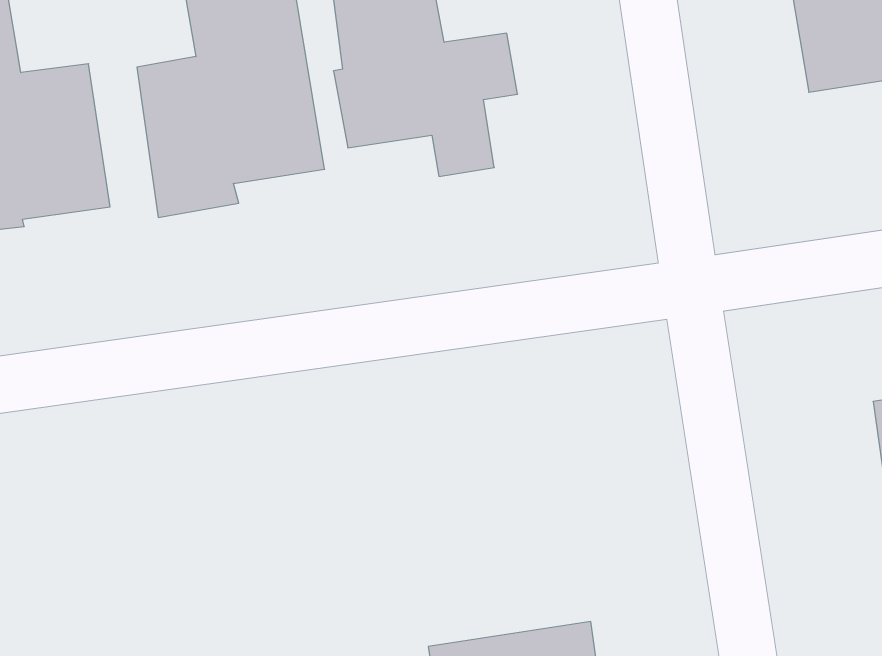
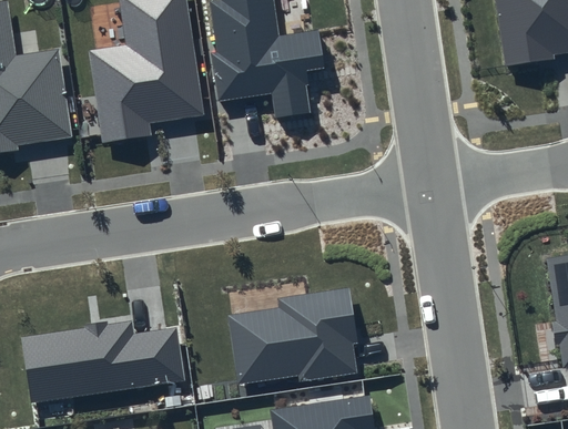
building: none -> [229,287,357,385]
building: none -> [21,320,185,405]

